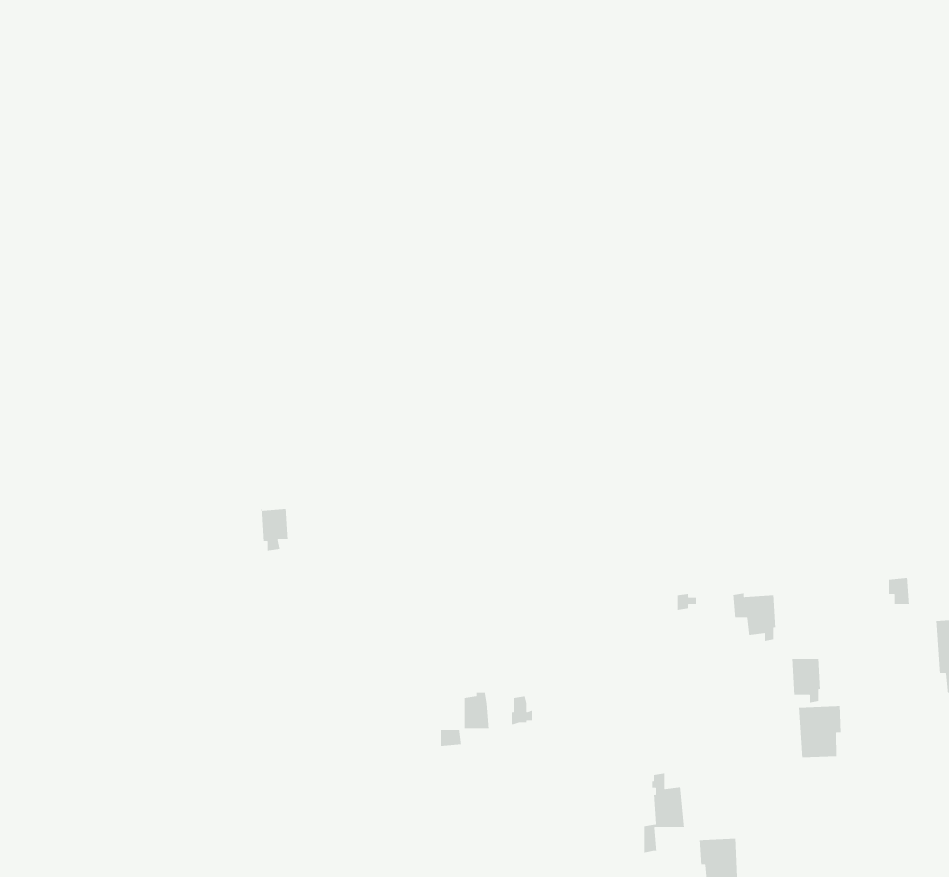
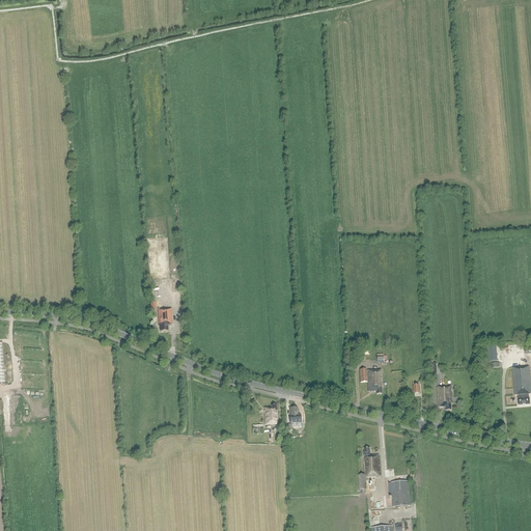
building: [733,593,776,642] -> [360,367,383,393]
building: [798,705,841,758] -> none

